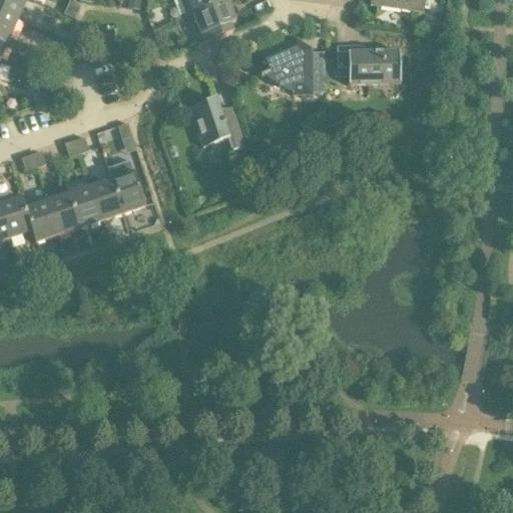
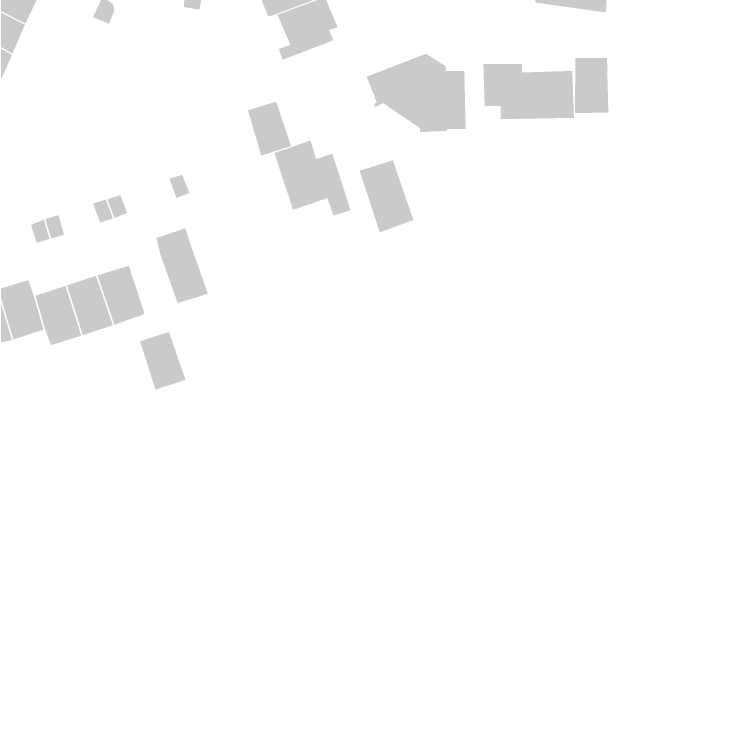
building: none -> [575,57,609,114]
building: none -> [247,101,292,156]
building: none -> [359,160,414,233]
building: [90,177,123,218] -> [139,331,187,390]

